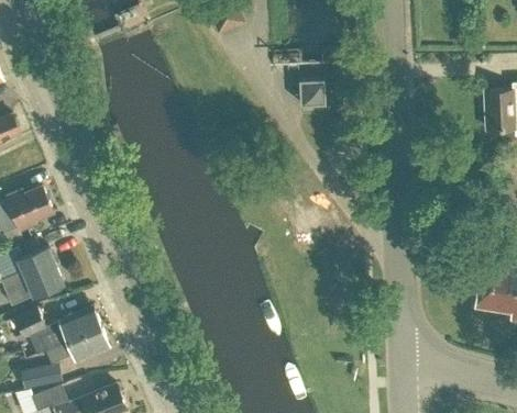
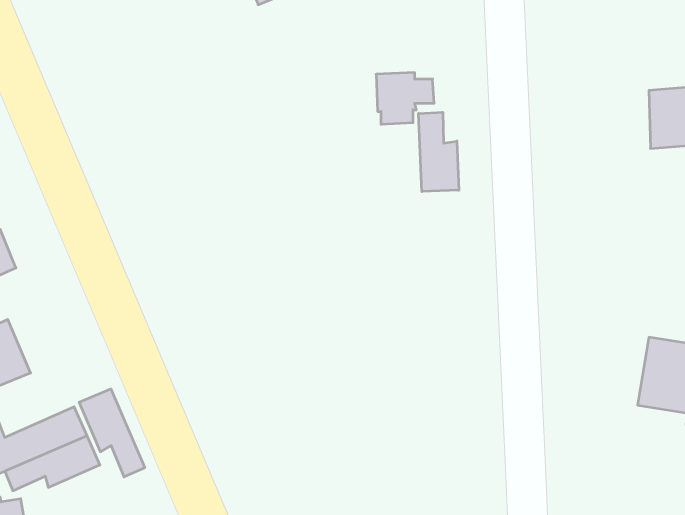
building: none -> [419,112,459,192]
building: none -> [79,389,145,477]

